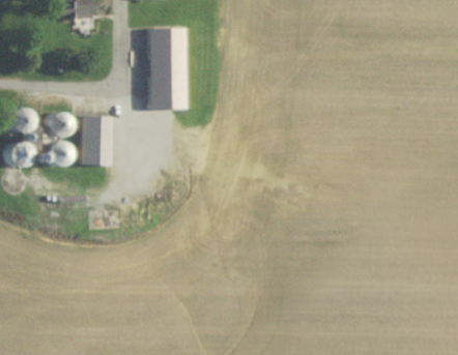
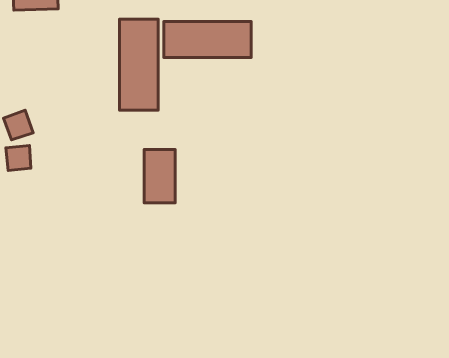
building: none -> [164,21,251,57]
building: [84,116,112,165] -> [144,149,175,203]

